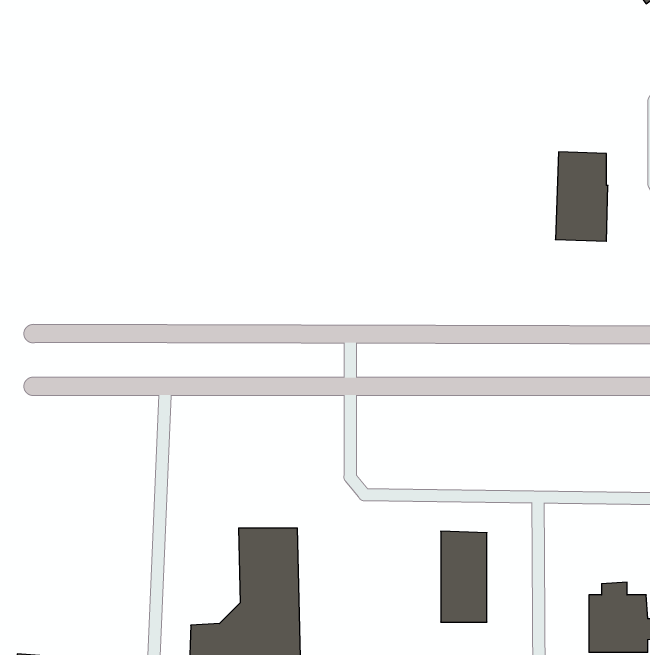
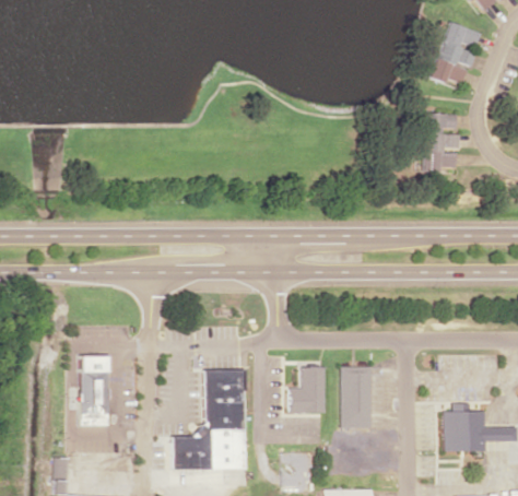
building: none -> [428,20,480,81]
building: none -> [79,353,106,422]
building: none -> [292,369,327,414]

